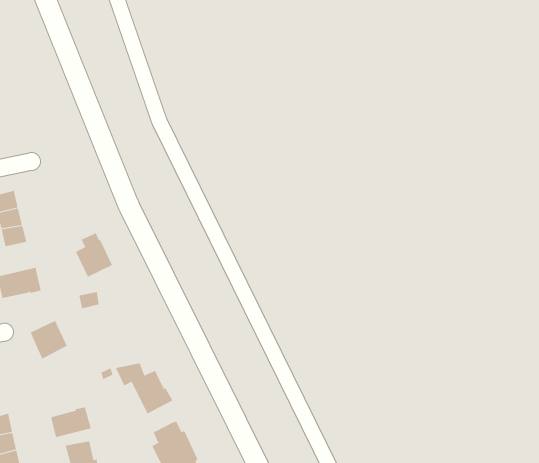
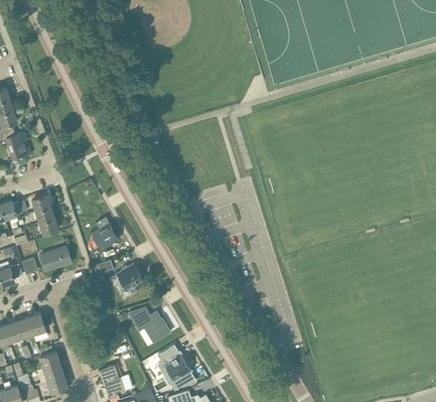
building: [30,320,68,359] -> [116,263,143,291]
building: [50,407,91,438] -> none

